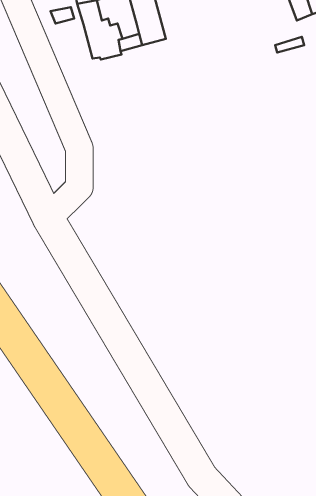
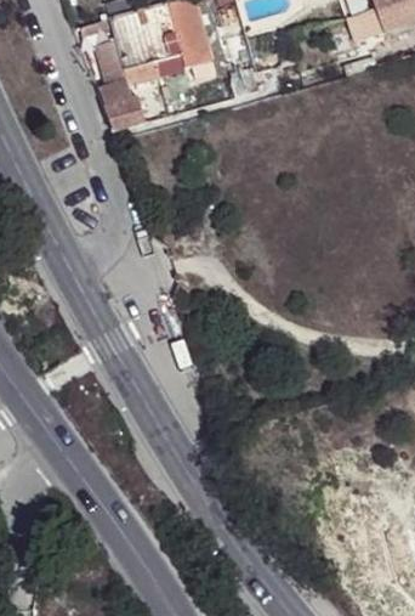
building: none -> [97,43,143,131]

